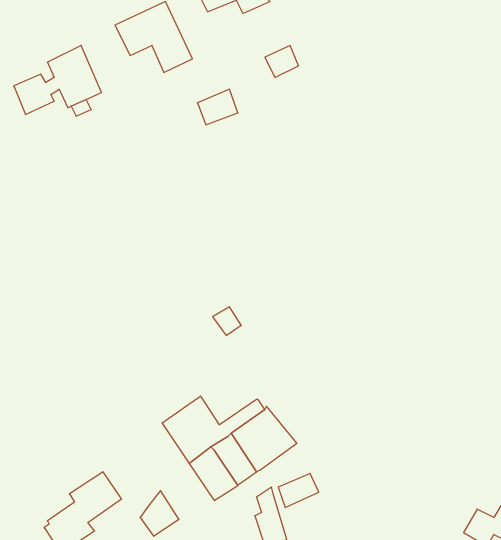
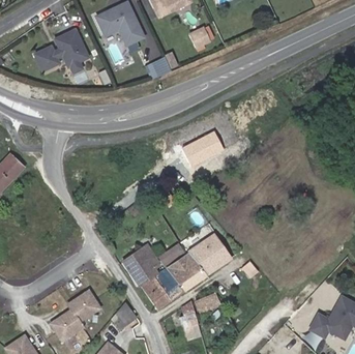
building: none -> [181,132,223,166]
building: none -> [189,234,231,273]

